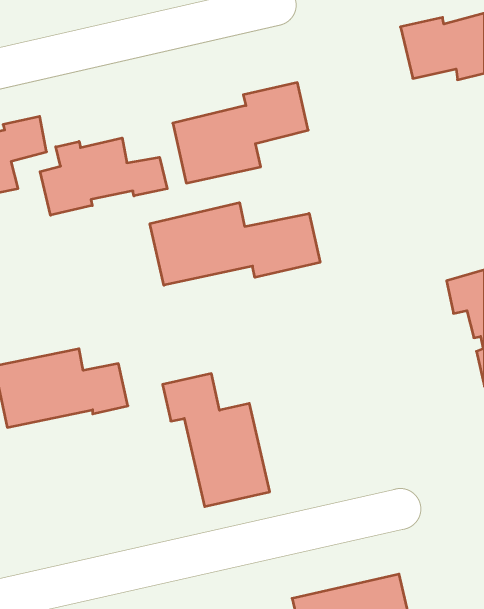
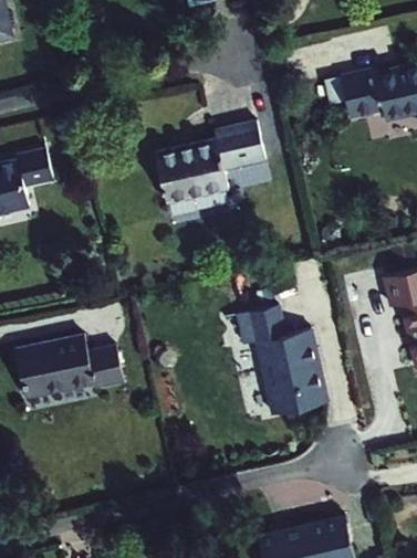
building: [40,138,167,215] -> none
building: [150,203,320,285] -> none
building: [163,374,270,507] -> [238,308,325,417]

